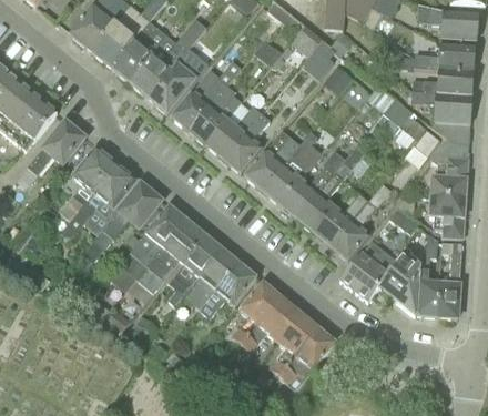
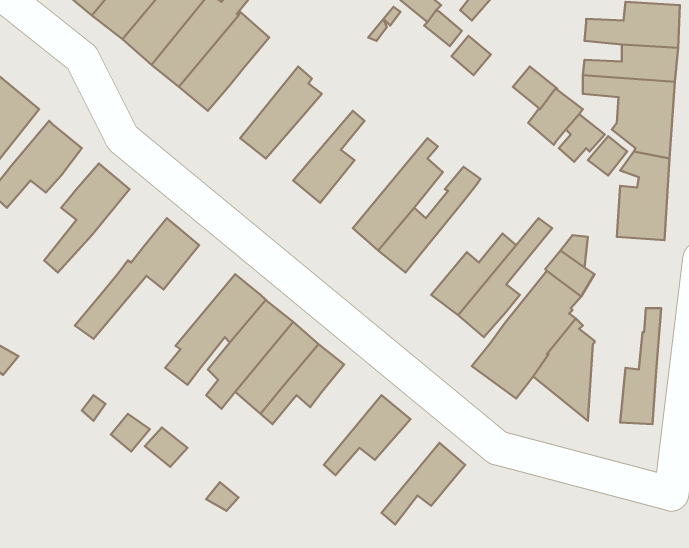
building: [171,59,241,130] -> none
building: [205,104,262,158] -> none
building: [244,129,299,189] -> none
building: [296,144,365,232] -> none
building: [60,163,138,239] -> none
building: [431,194,465,236] -> none
building: [110,205,185,290] -> none
building: [415,231,439,315] -> none
building: [231,282,281,343] -> none
building: [270,313,318,374] -> none

